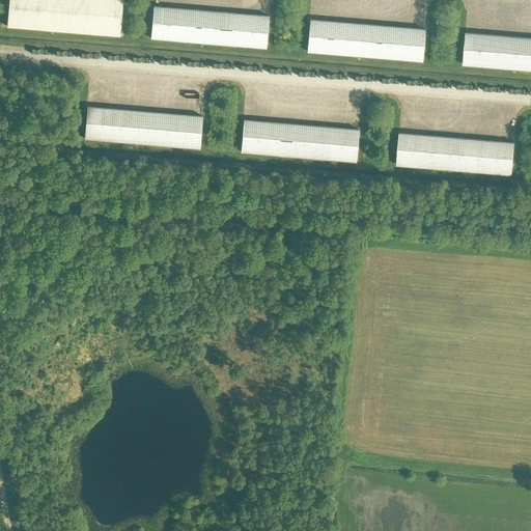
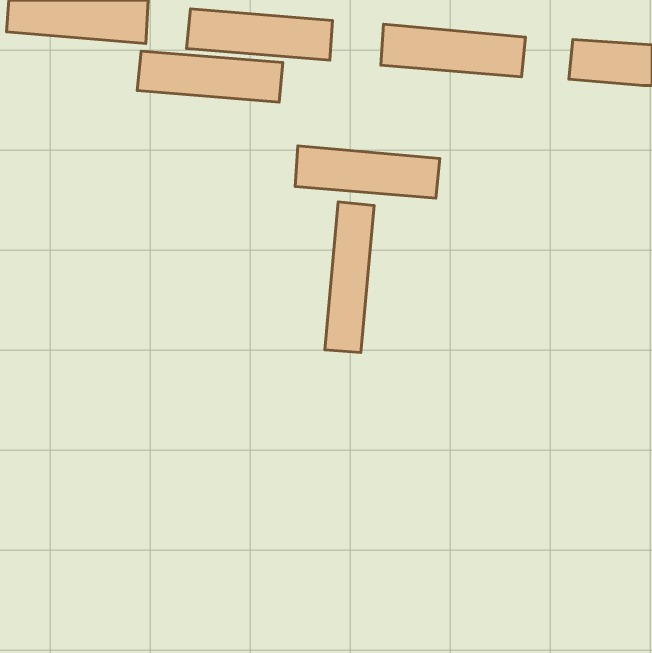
building: [85,108,203,149] -> [137,51,283,102]
building: [396,134,514,176] -> none
building: none -> [325,202,374,352]

